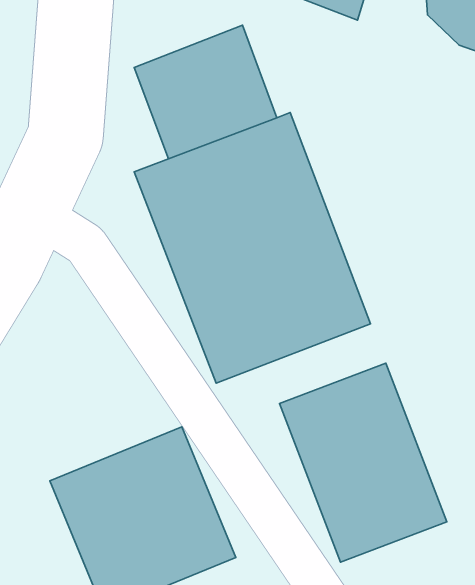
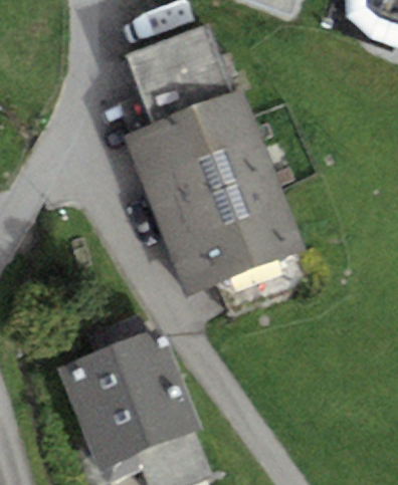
building: [279,363,447,562] -> none

